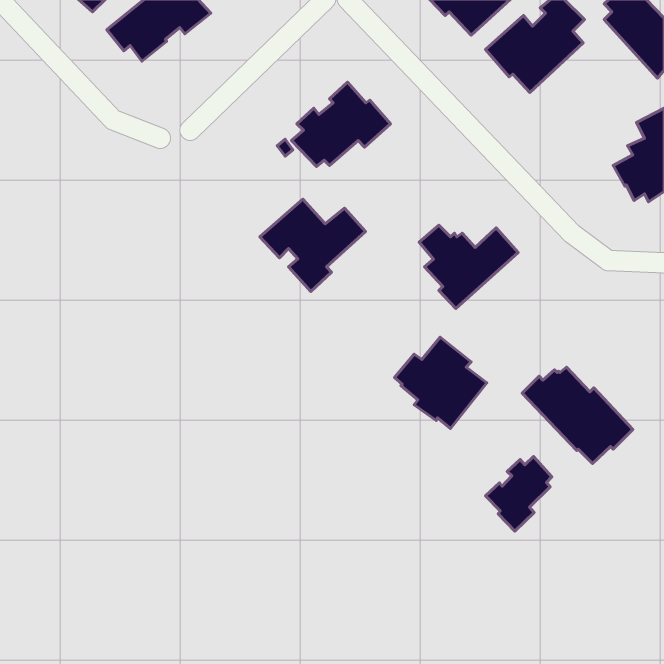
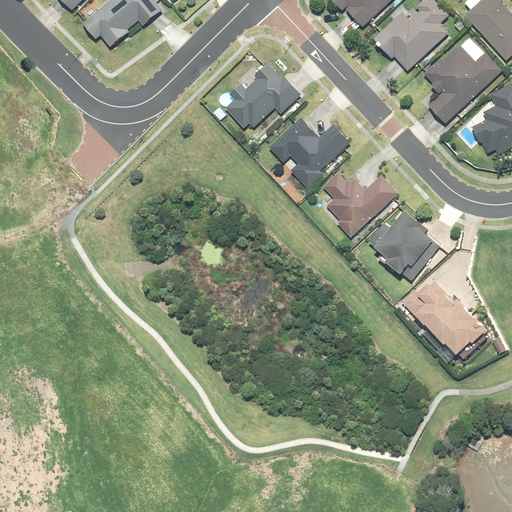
building: none -> [423,38,502,123]
building: [260,199,365,292] -> [268,118,349,189]
building: [394,337,487,428] -> [368,211,439,281]
building: [485,456,552,531] -> none

